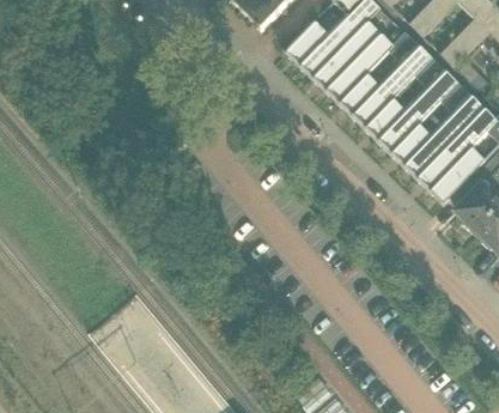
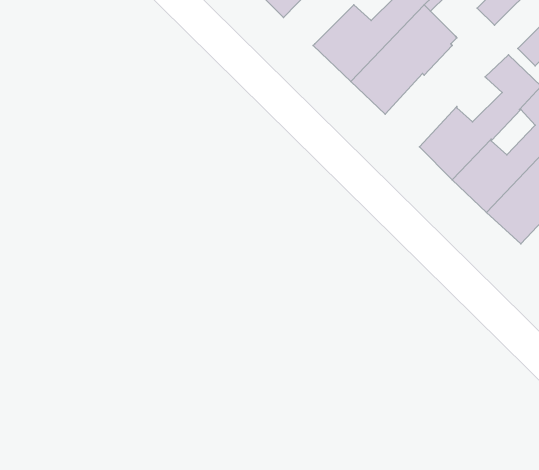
building: [339,29,433,127] -> none

